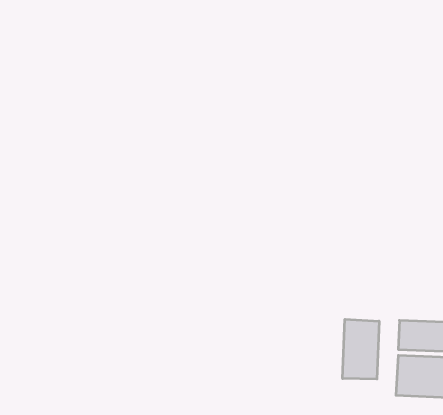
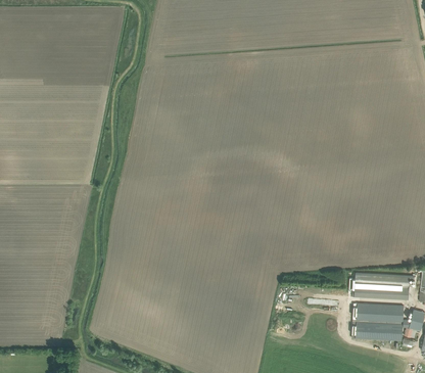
building: [343,319,379,379] -> none

